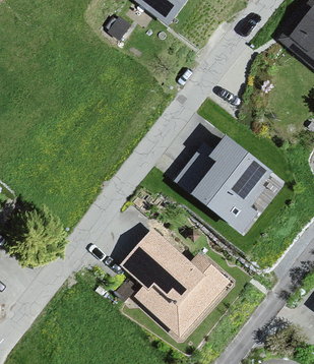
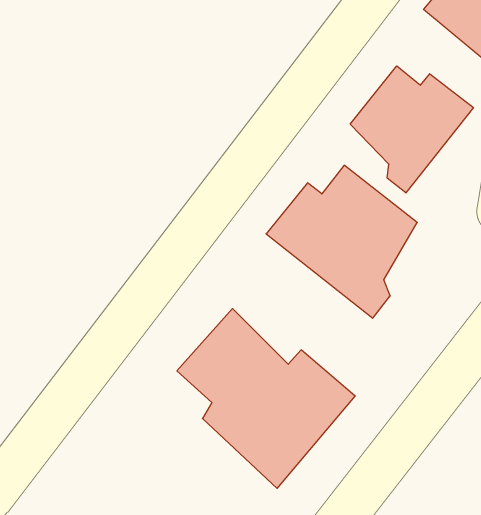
building: none -> [350,66,473,193]

